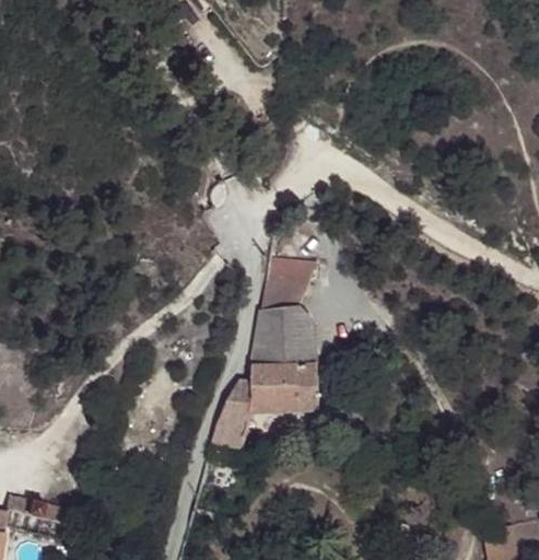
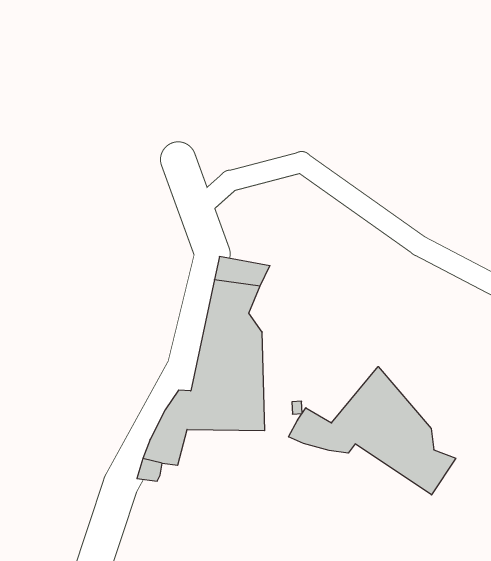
building: none -> [289,367,456,495]

